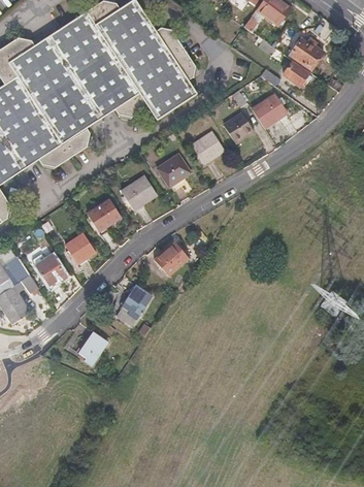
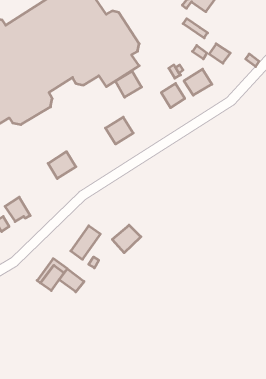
building: [290,37,325,71] -> none
building: [191,134,223,166] -> [115,71,142,97]
building: [119,176,156,210] -> none
building: [63,233,93,262] -> none
building: [151,247,186,281] -> [112,225,141,253]
building: none -> [59,269,84,292]

